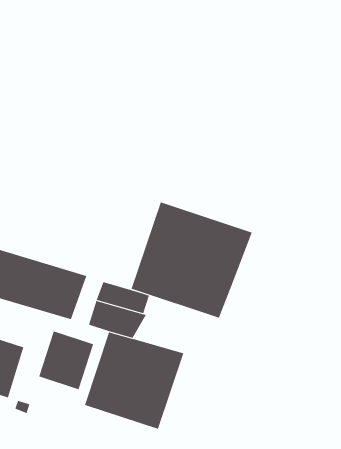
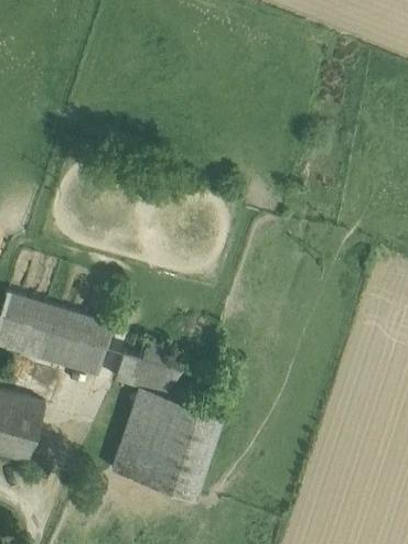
building: [131,202,252,318] -> none
building: [39,330,94,390] -> none

